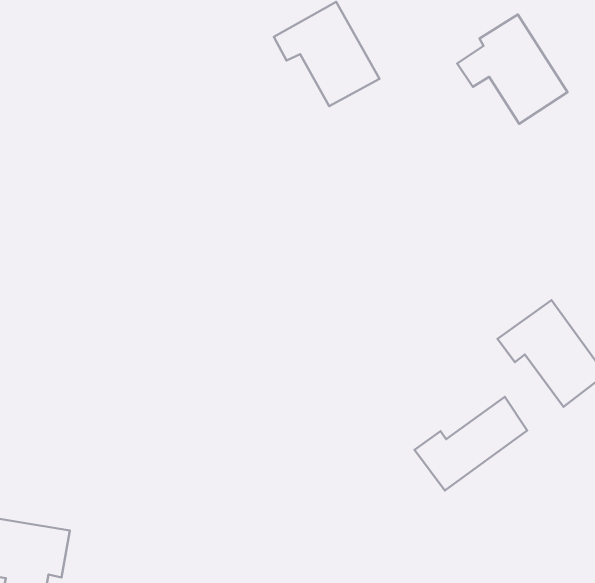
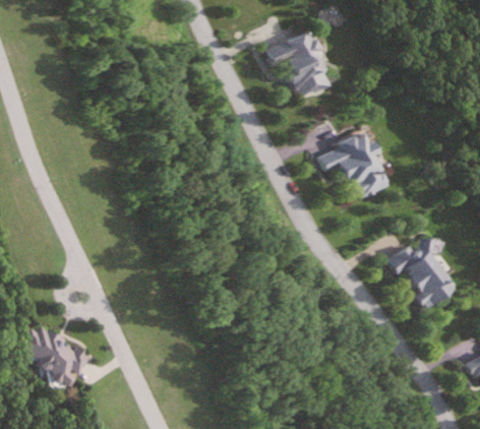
building: [457,14,568,124] -> [320,129,388,199]
building: [414,397,527,491] -> none

